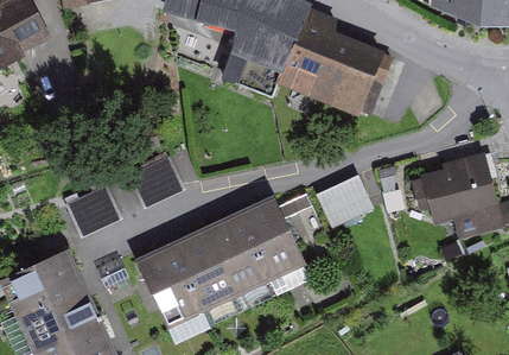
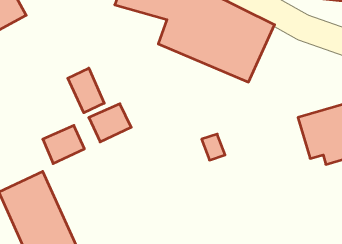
building: none -> [68,68,104,113]
building: [316,172,374,227] -> none
building: [141,192,304,324] -> none

